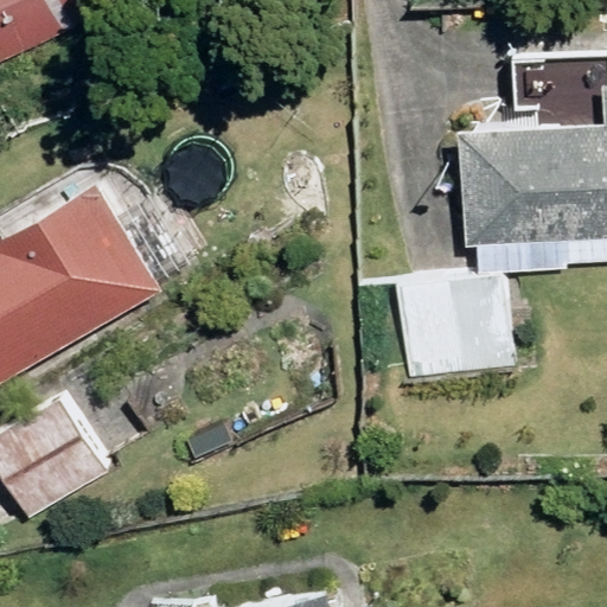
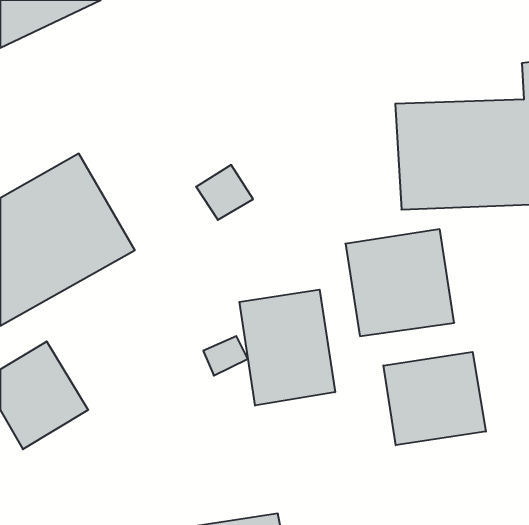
building: none -> [239,290,335,406]
building: none -> [383,352,486,445]

